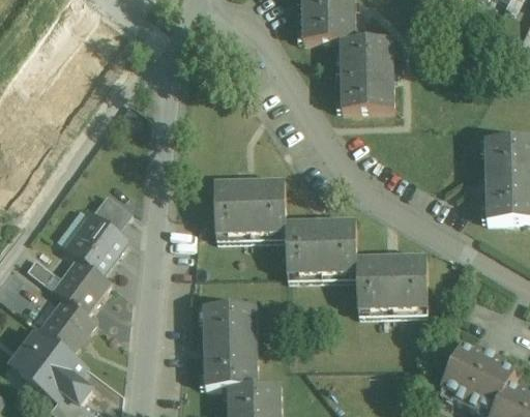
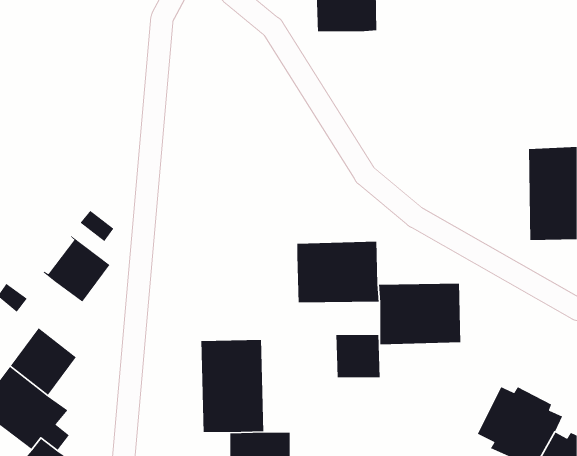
building: [340,39,393,111] -> none
building: [213,181,285,235] -> none
building: [52,256,111,314] -> none
building: none -> [335,334,380,378]

